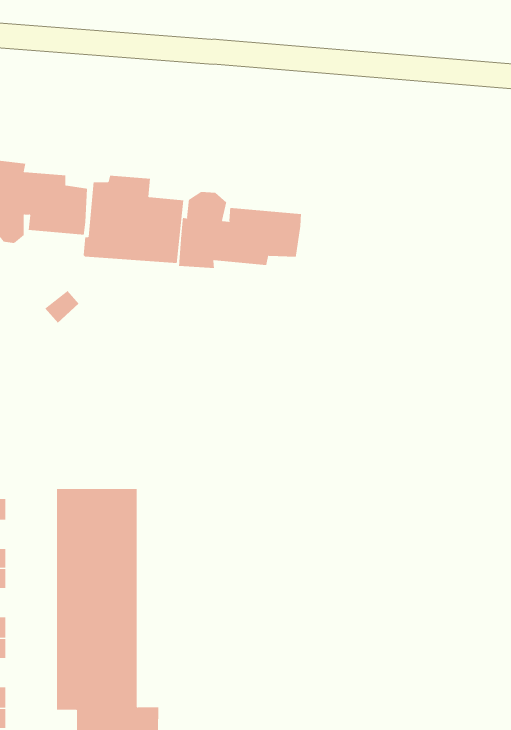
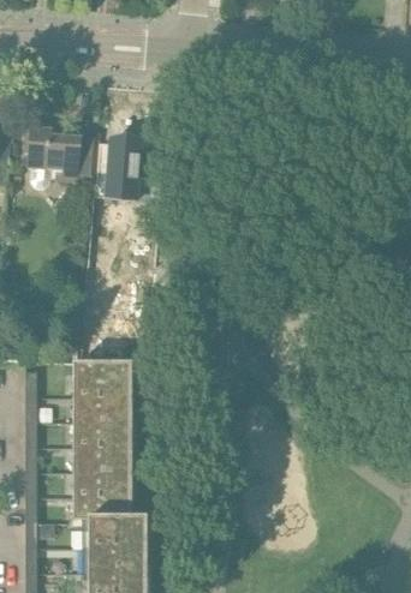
building: [178,191,302,269] -> none

